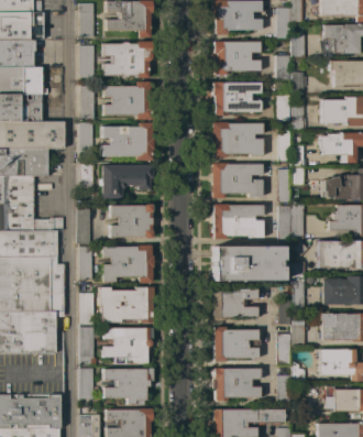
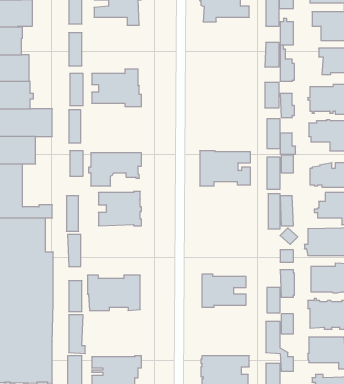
building: [102,41,153,78] -> none
building: [213,41,260,76] -> none
building: [212,81,261,116] -> none
building: [102,122,153,161] -> none
building: [212,122,263,157] -> none
building: [212,204,264,239] -> none
building: [102,245,154,283] -> none
building: [213,245,283,281] -> none
building: [102,327,152,363] -> none
building: [213,327,261,361] -> none

